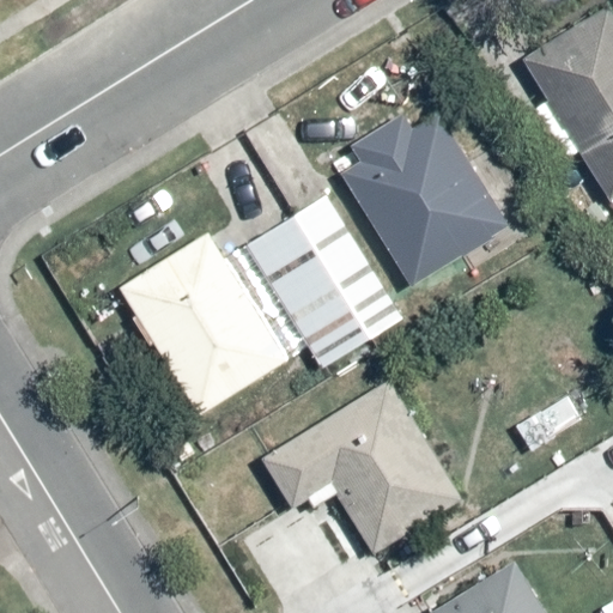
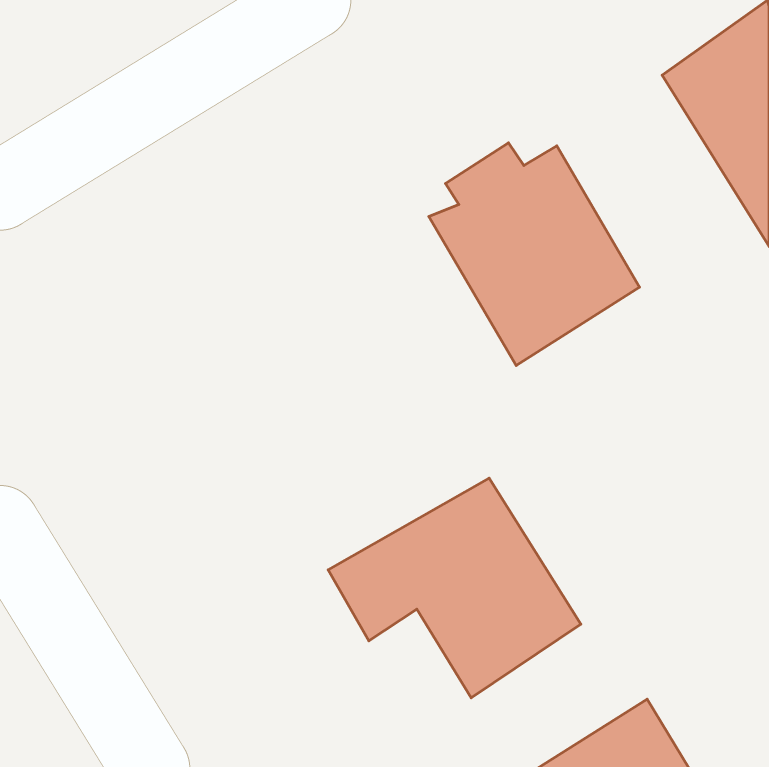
building: [243,195,399,365] -> none
building: [117,233,287,417] -> none

